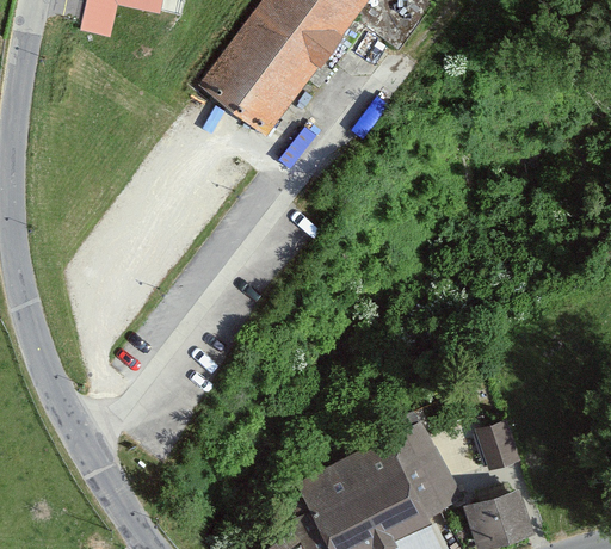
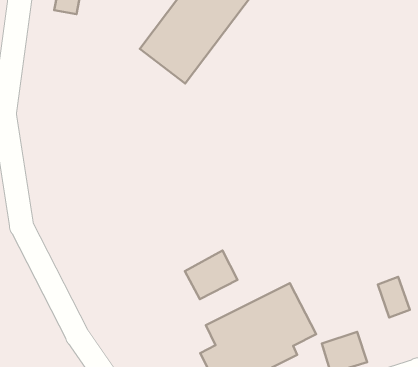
building: none -> [185,251,237,299]
building: [476,420,523,479] -> [378,277,410,317]

